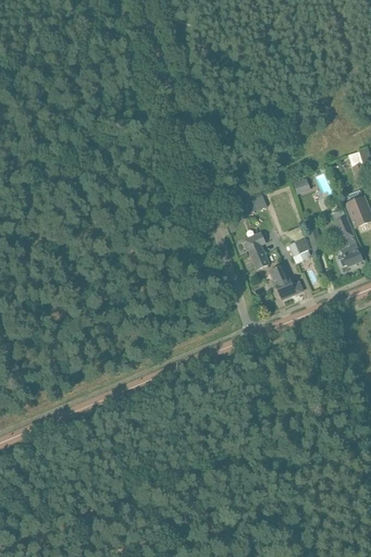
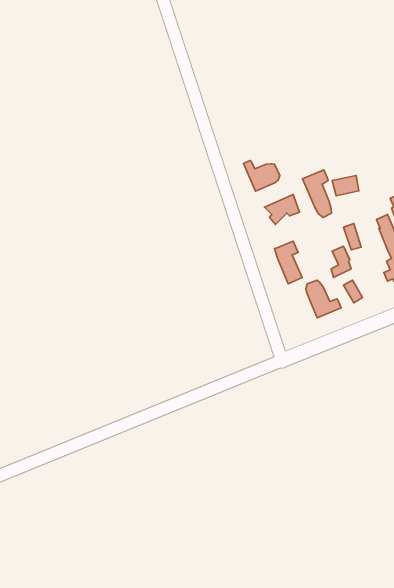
building: none -> [243,160,280,191]
building: none -> [303,170,332,217]

